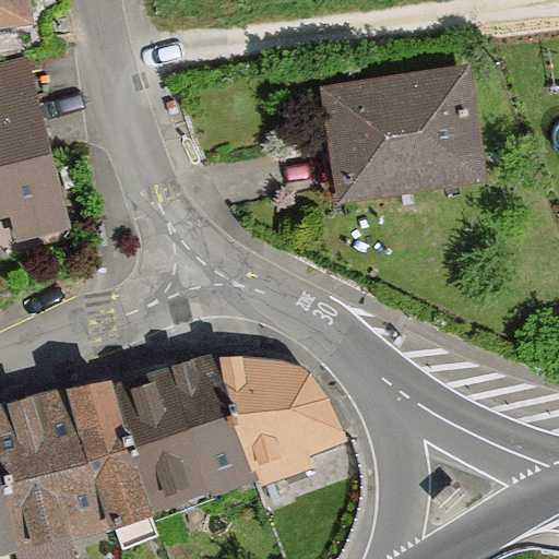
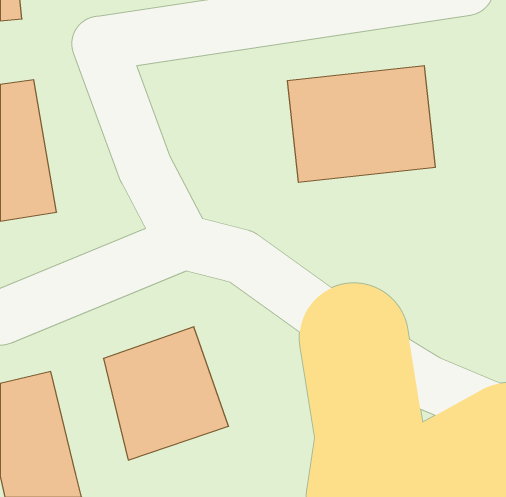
building: [215,353,335,467] -> none
building: [58,393,143,519] -> none

